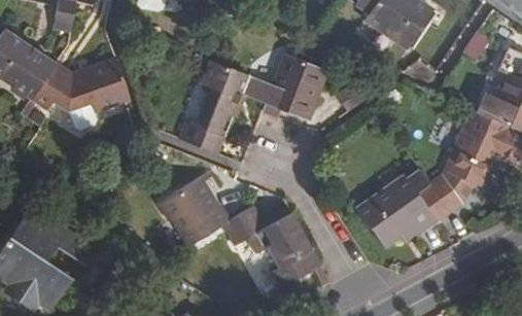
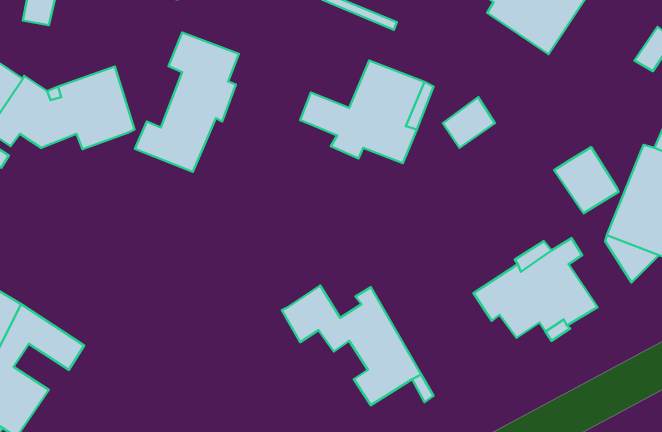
building: [176,61,246,154] -> [135,32,239,172]
building: [163,175,231,242] -> none
building: [419,175,462,219] -> [554,147,619,213]

